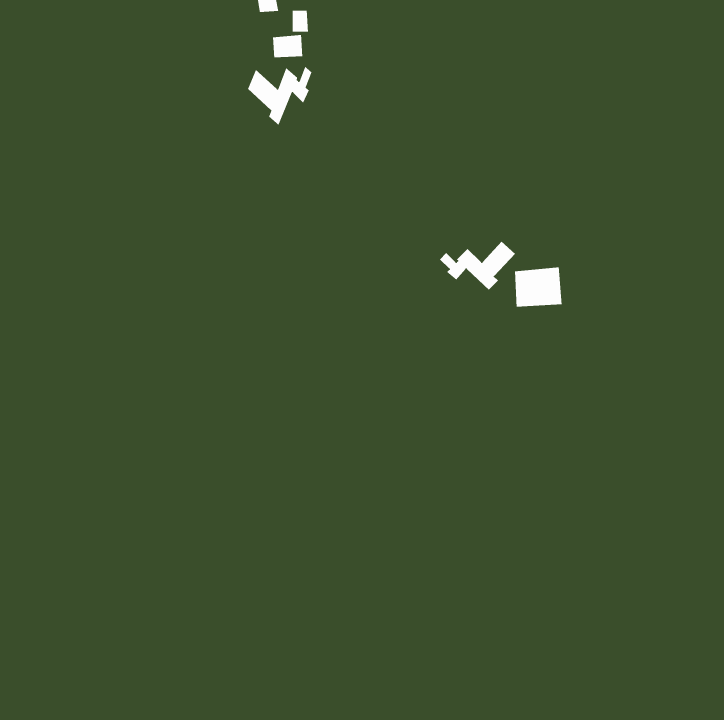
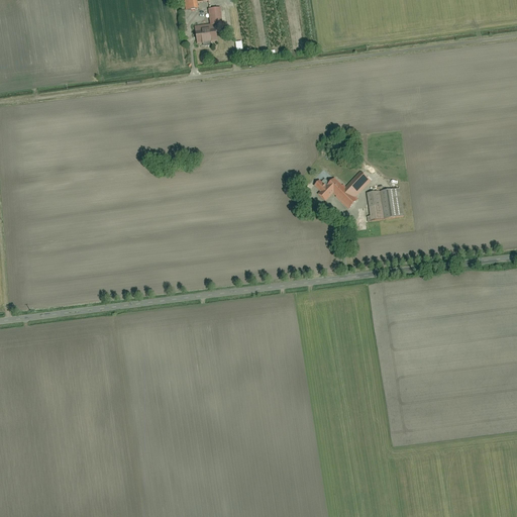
building: [247,66,312,126] -> none

